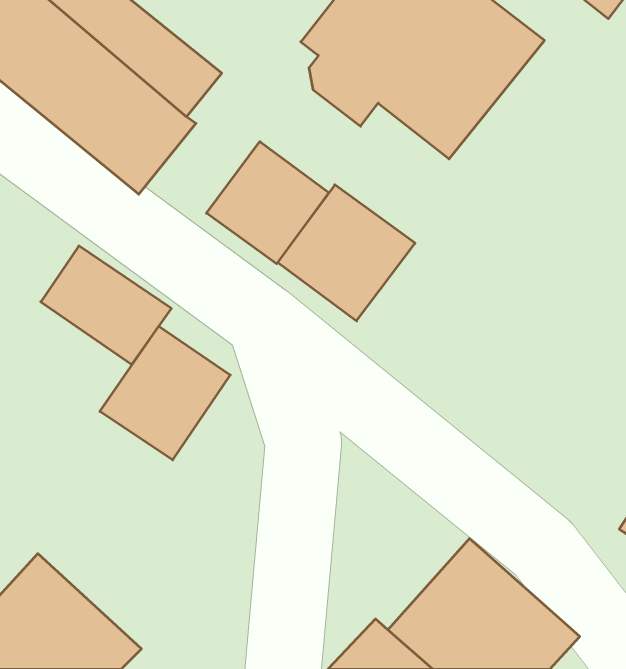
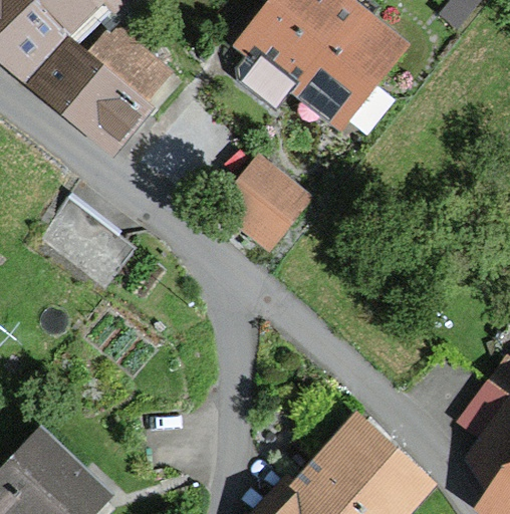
building: [206,142,329,264] -> none
building: [100,326,230,460] -> none

